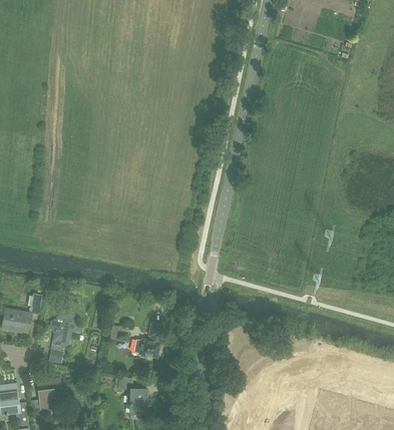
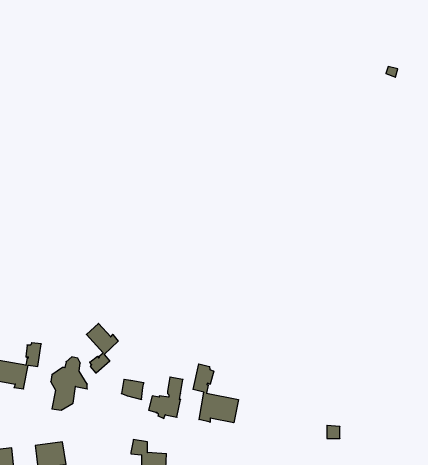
building: none -> [86,323,118,373]
building: none -> [193,364,238,423]

